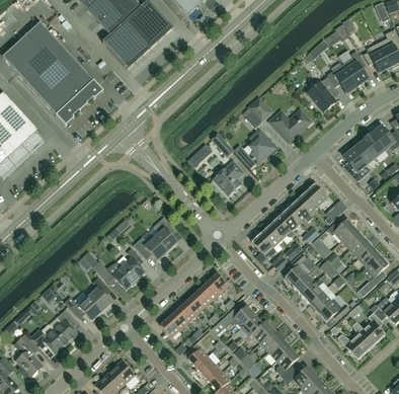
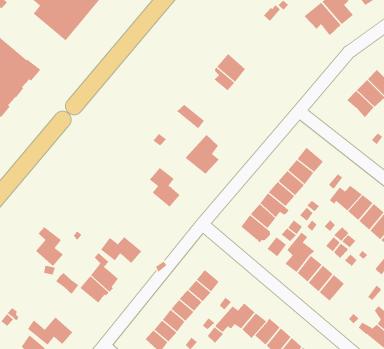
building: [307,77,338,111] -> none
building: [270,111,312,140] -> none
building: [248,129,278,164] -> none
building: [343,148,366,181] -> none
building: [153,217,177,251] -> [149,167,180,207]
building: [88,277,111,311] -> [35,226,64,267]
building: [317,294,349,322] -> none

